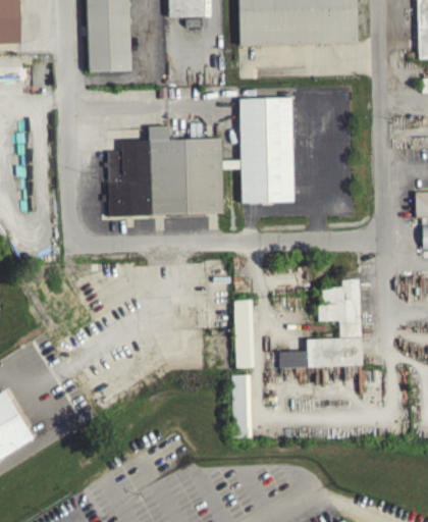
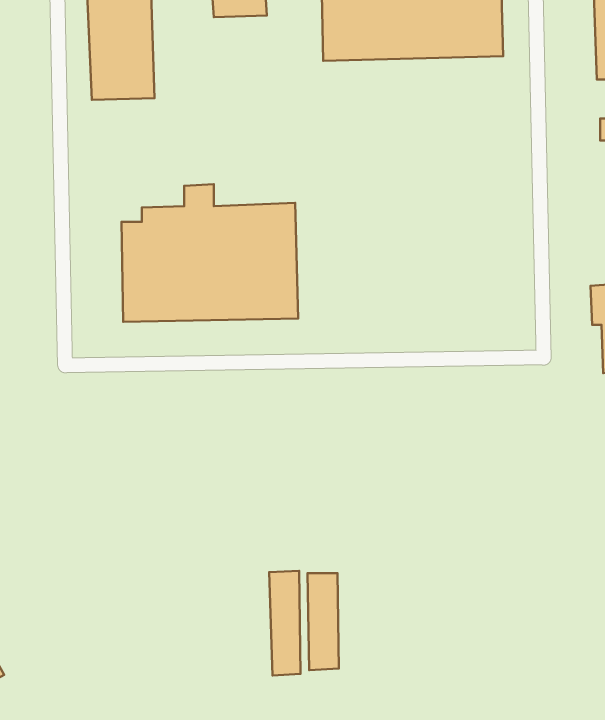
building: [237,96,295,200] -> none
building: [279,277,364,367] -> none
building: [232,303,253,371] -> [269,571,301,675]

